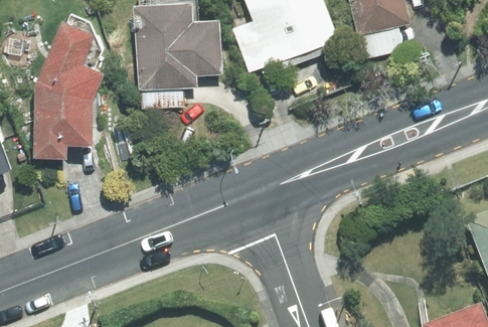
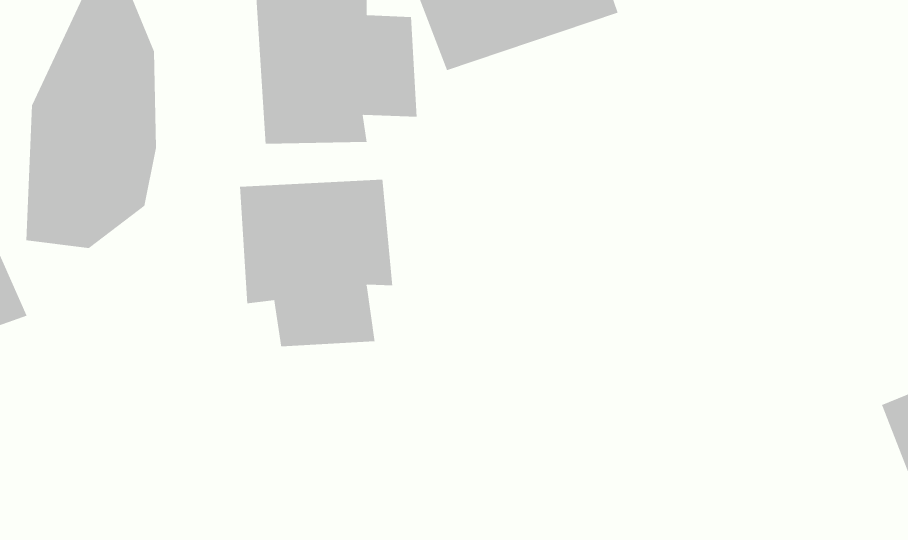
building: none -> [240,179,393,347]

